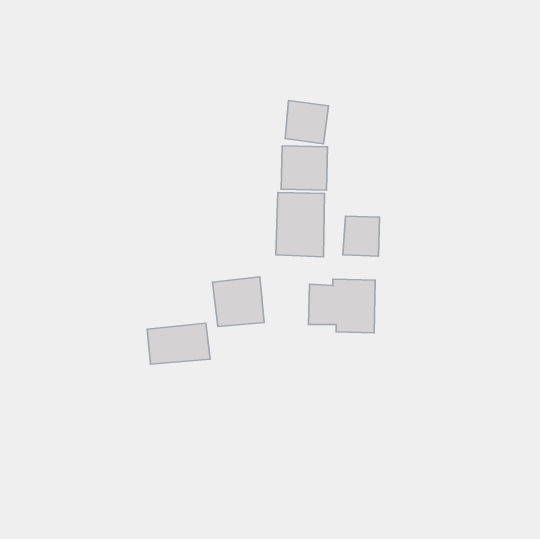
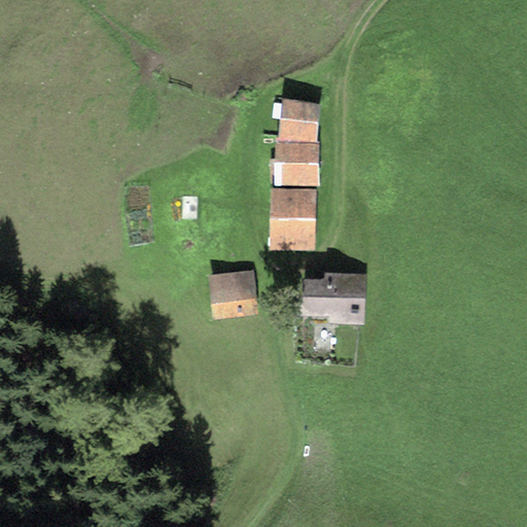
building: [343,216,379,256] -> none
building: [147,323,210,364] -> none

